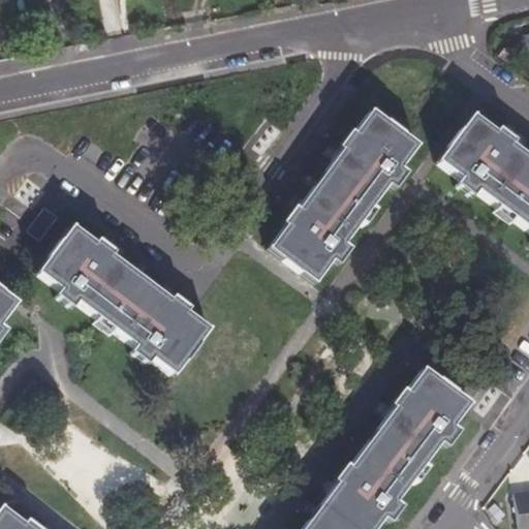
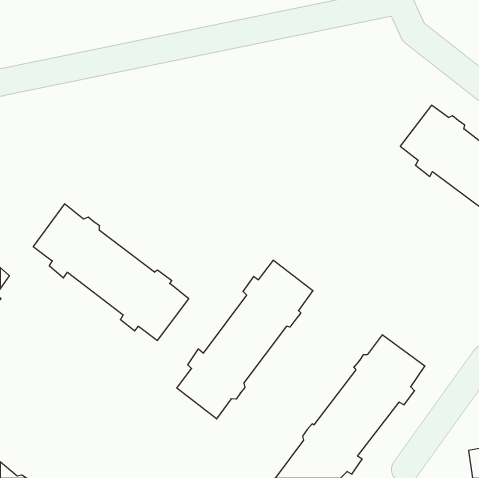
building: [272,111,422,283] -> none
building: none -> [177,260,313,419]

